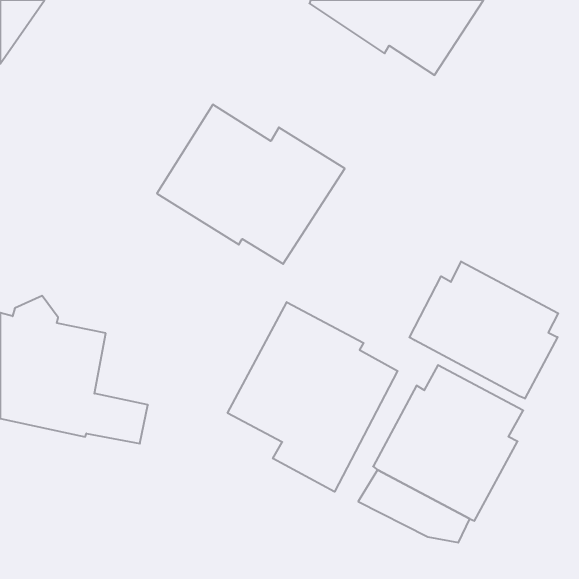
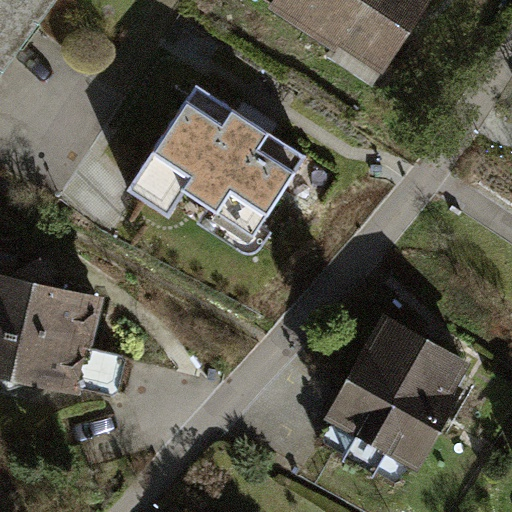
building: [409,261,558,399] -> none
building: [228,302,398,492] -> none

